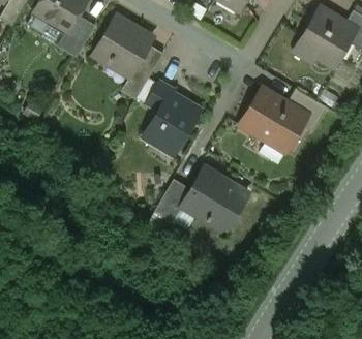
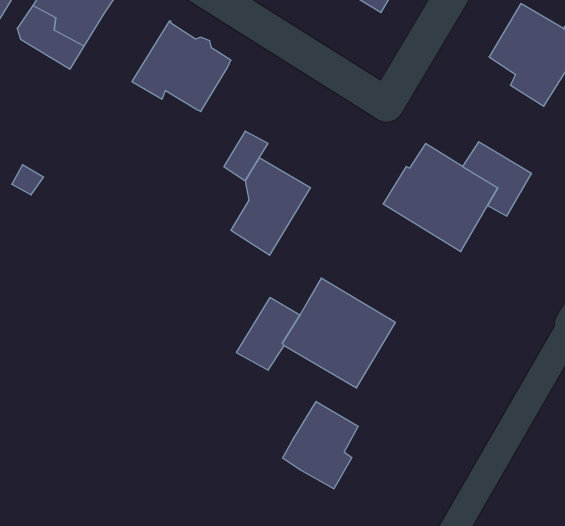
building: [56,13,94,57] -> none
building: [127,44,162,85] -> none
building: none -> [283,401,358,489]

